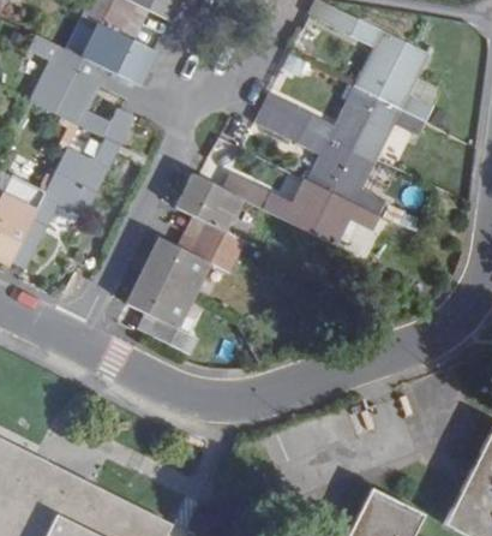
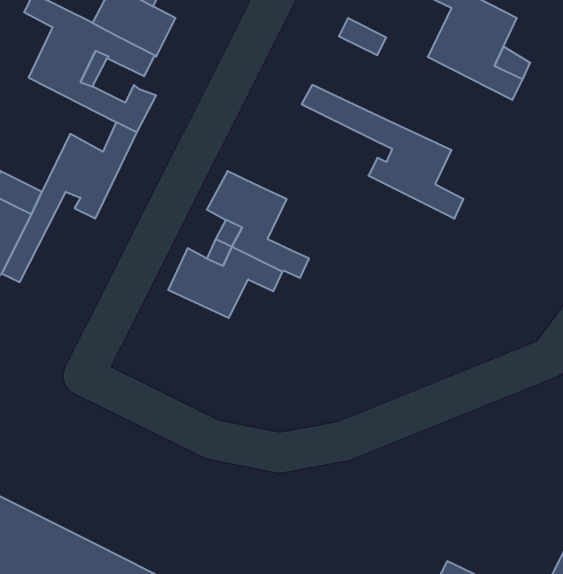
building: [260,83,422,159] -> none
building: [220,174,376,243] -> none
building: [127,272,197,353] -> none

